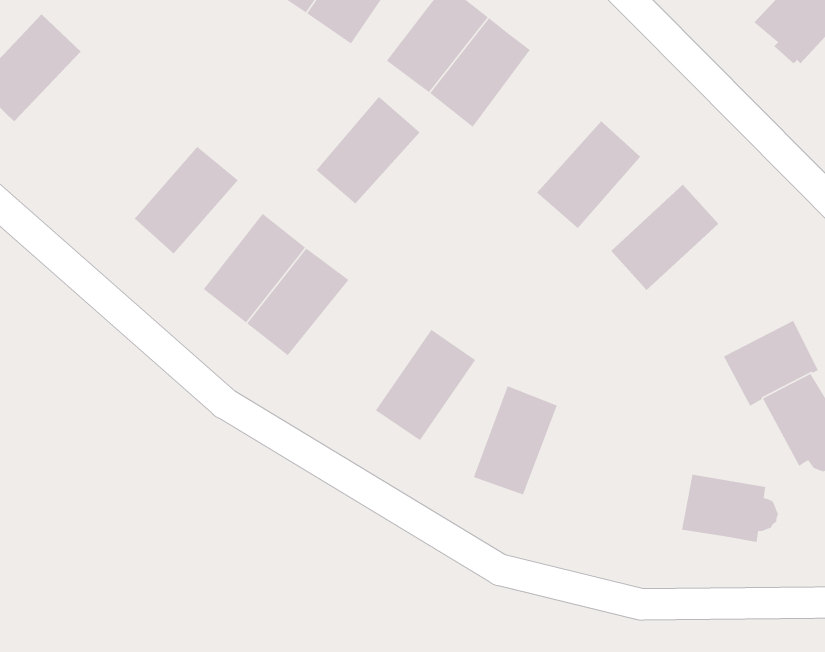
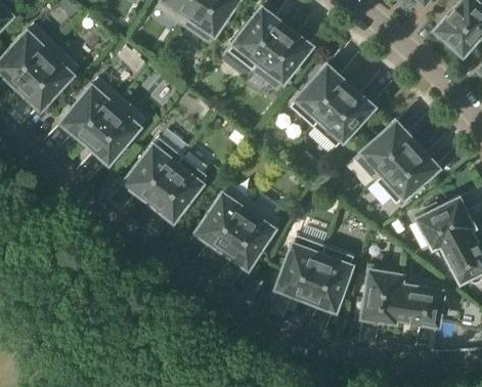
building: none -> [18,47,79,108]
building: [315,96,420,205] -> [291,66,350,127]
building: none -> [62,80,122,141]
building: none -> [376,144,437,205]
building: none -> [198,186,254,250]
building: none -> [306,247,354,309]
building: none -> [363,272,402,321]

